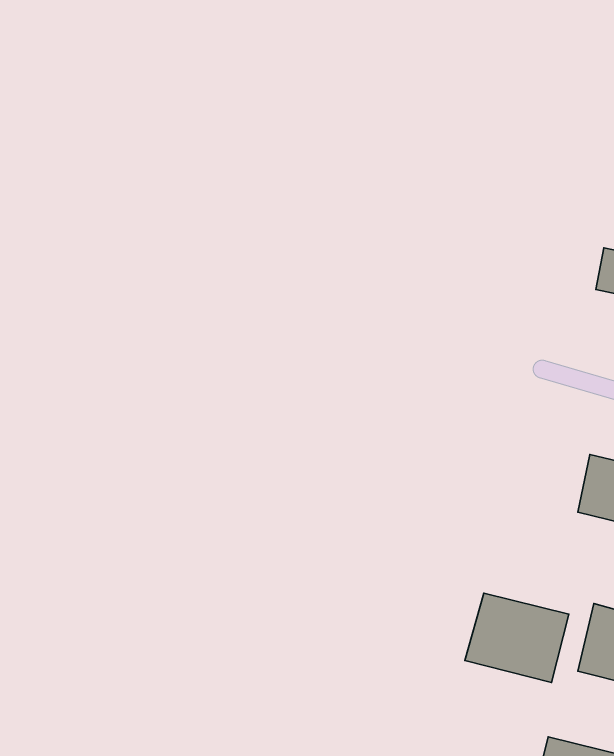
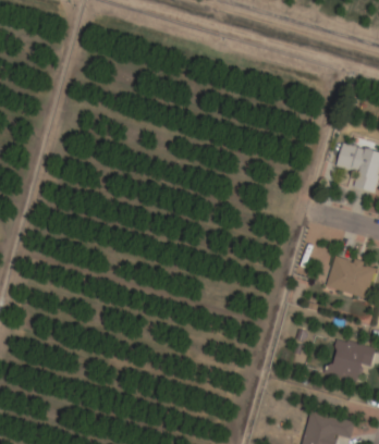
building: [465,593,569,683] -> none

